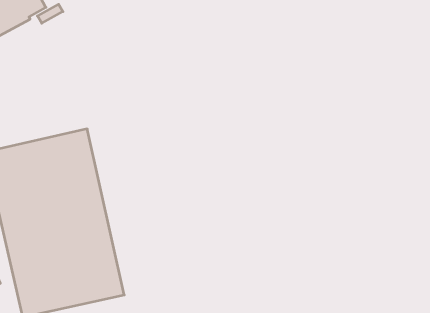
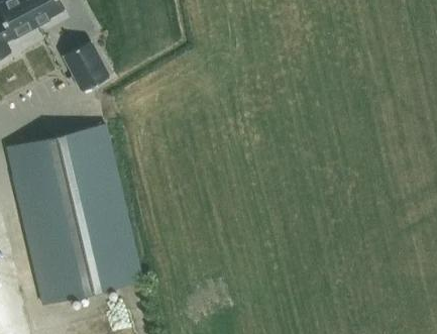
building: none -> [63,40,109,91]

